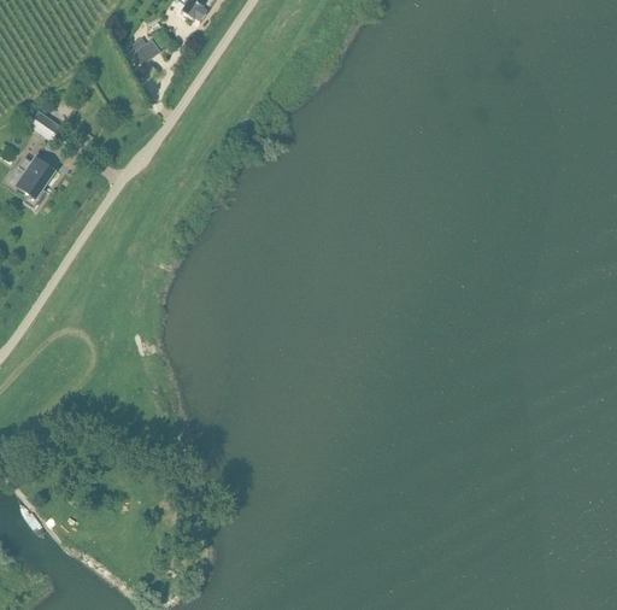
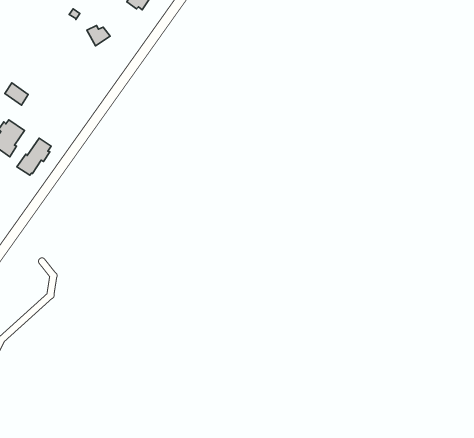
building: none -> [17,138,51,175]

